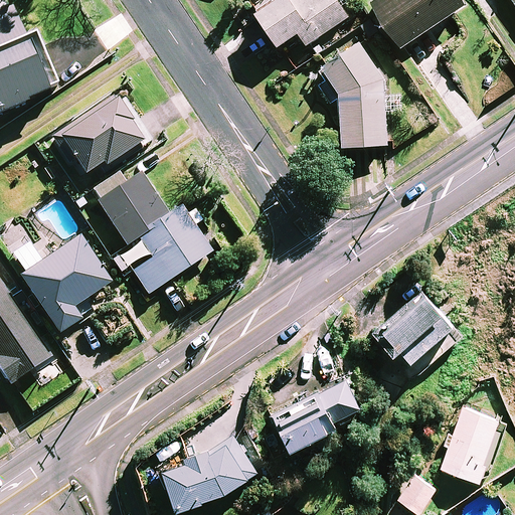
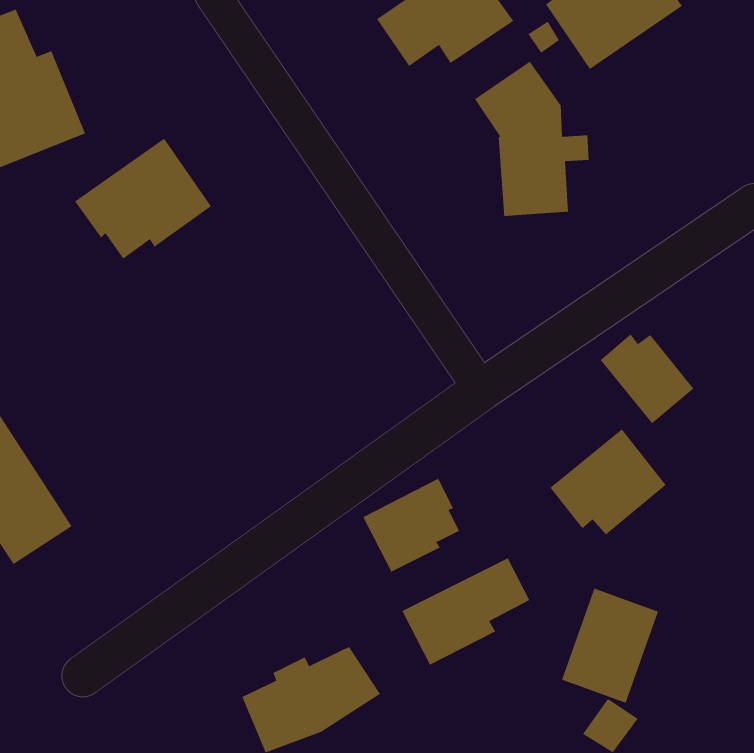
building: [89,171,210,294] -> none
building: none -> [600,334,694,424]
building: [25,244,110,335] -> none
building: none -> [362,478,460,573]
building: [439,405,505,484] -> [561,588,659,703]

